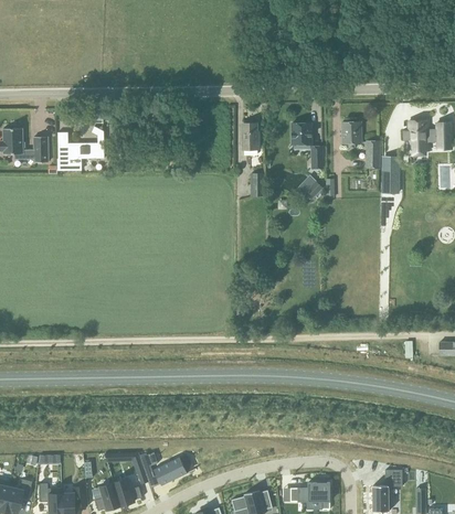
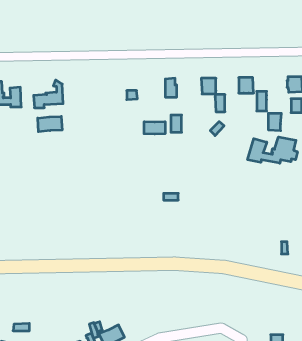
building: none -> [38,116,62,132]
building: none -> [144,122,165,134]
building: none -> [248,137,297,163]

